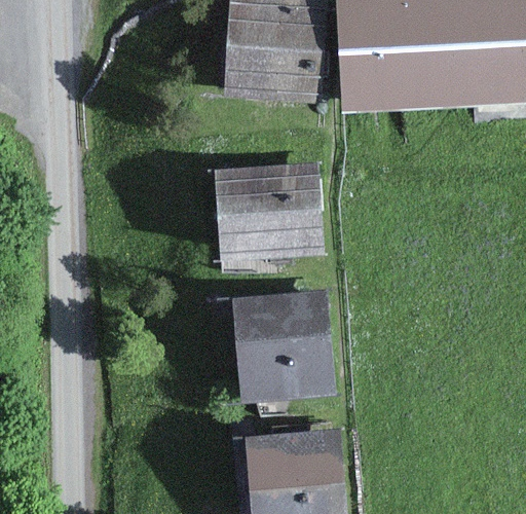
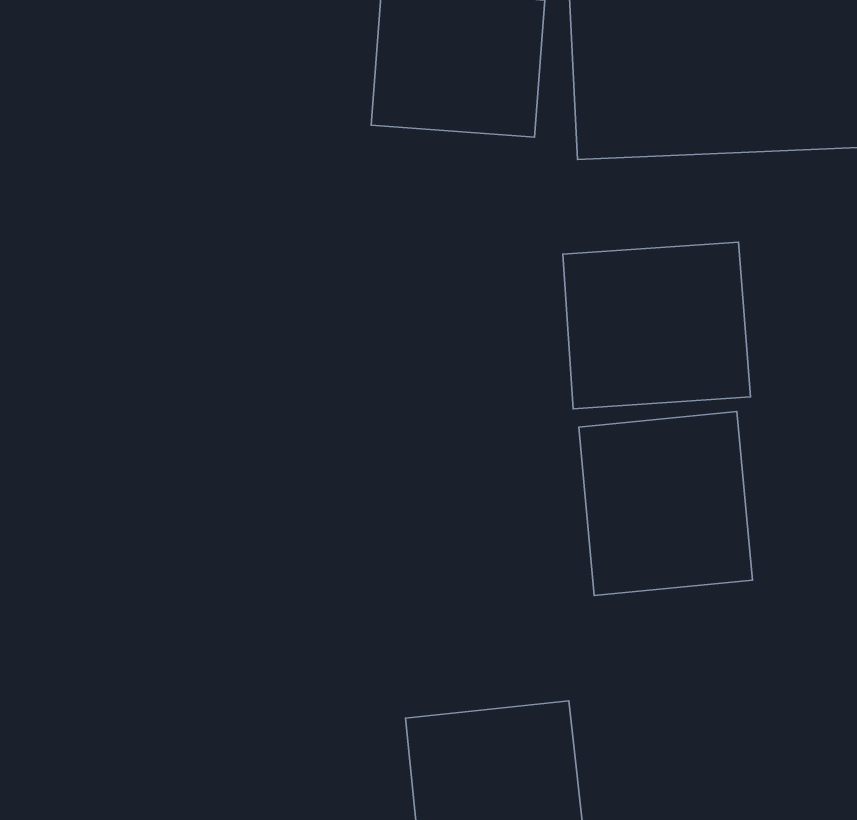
building: [214,161,326,261] -> [563,242,750,409]
building: [231,293,335,403] -> [579,412,752,595]

